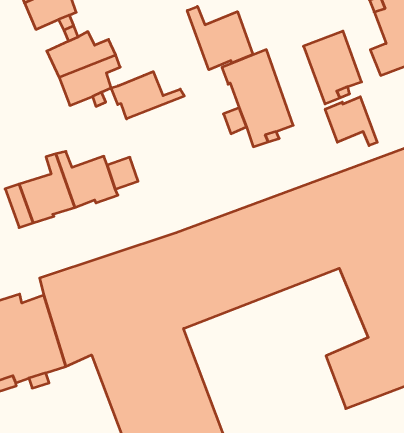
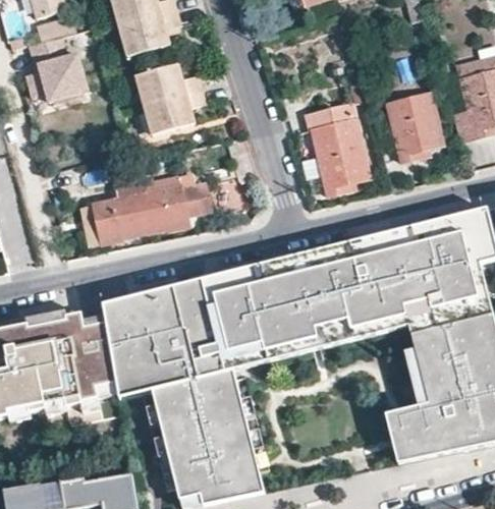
building: [187,6,253,70] -> none
building: [111,72,184,119] -> none
building: [325,97,377,146] -> none

